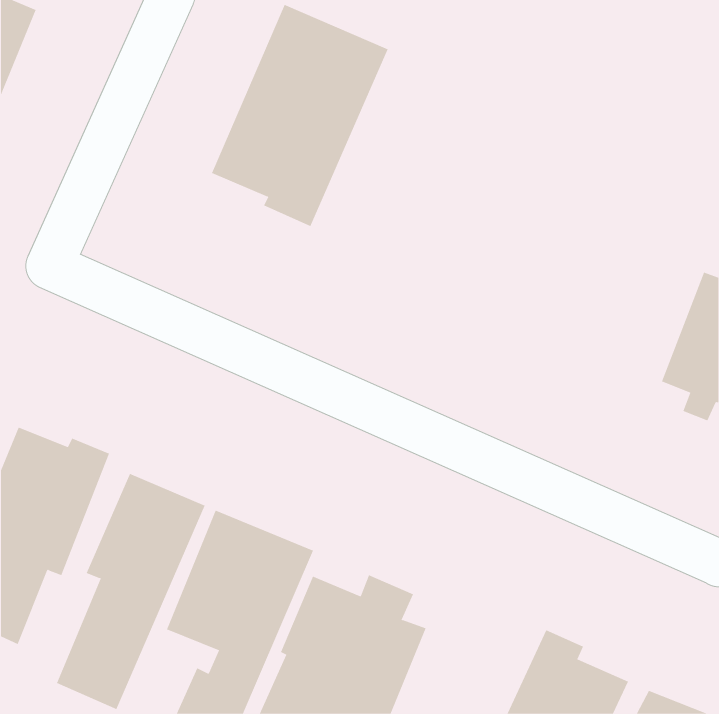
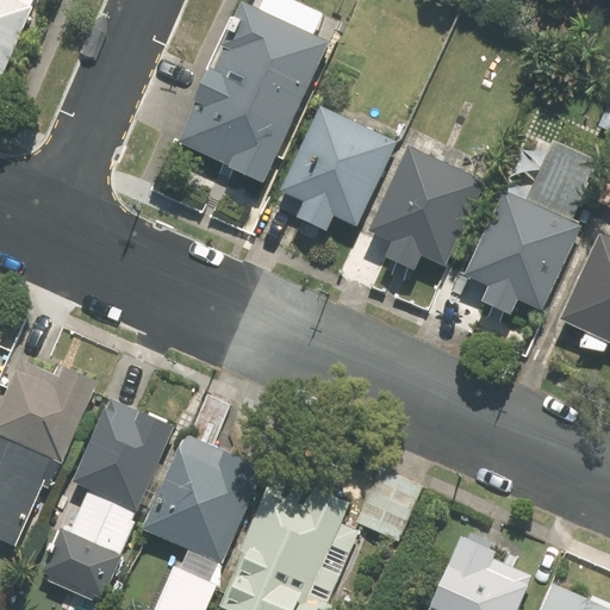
building: none -> [278,106,396,235]
building: none -> [367,126,487,279]
building: none -> [467,132,600,317]

